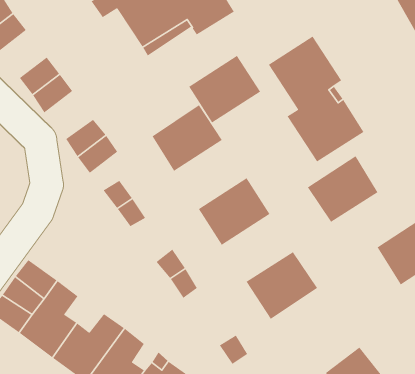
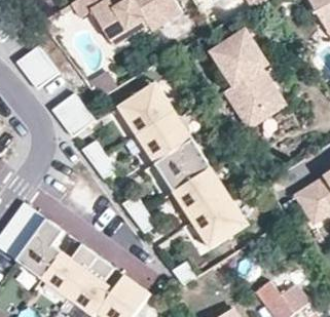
building: [188,55,261,124] -> [137,110,193,163]
building: [307,155,378,223] -> [174,167,229,220]

